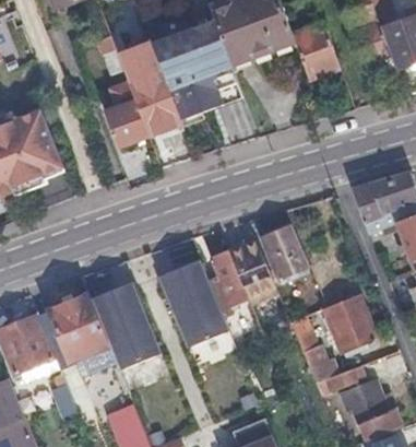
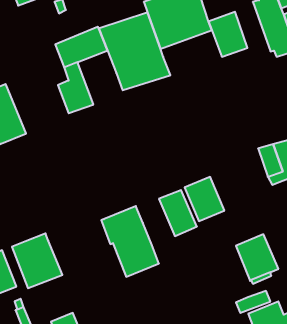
building: [129,68,186,134] -> none
building: [210,251,249,308] -> none
building: [93,286,162,374] -> none
building: [290,316,340,383] -> none

